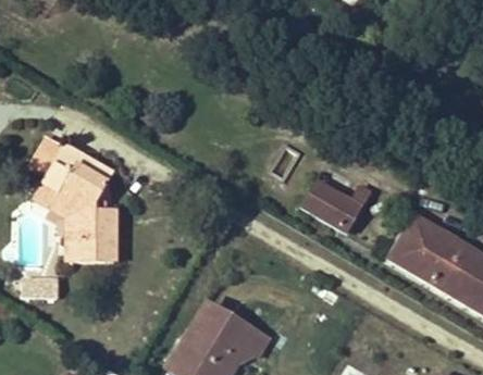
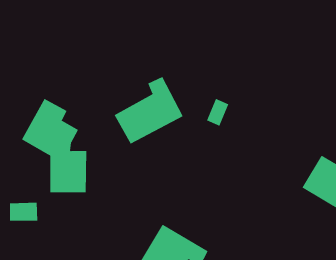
building: none -> [114,76,184,145]
building: [307,185,367,237] -> none

